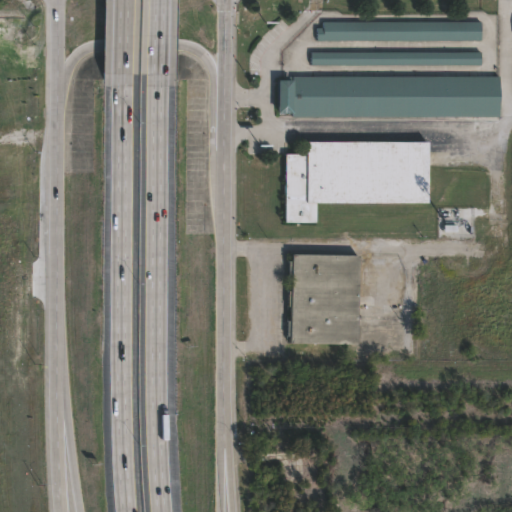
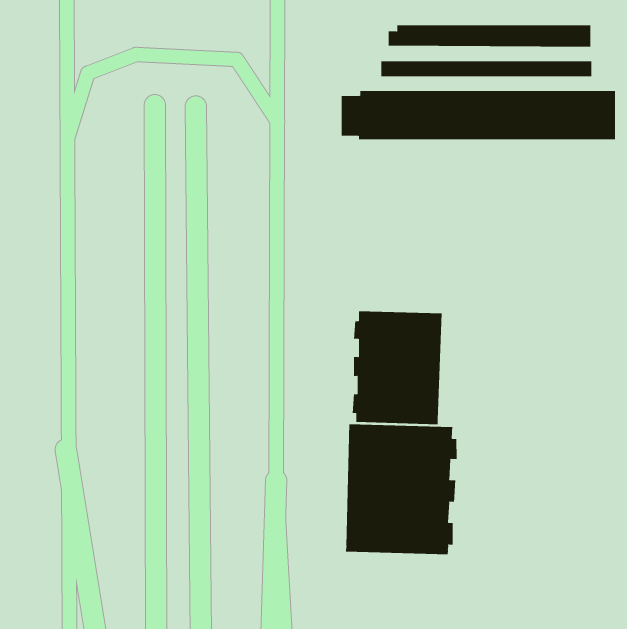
building: [286,141,431,223] -> none
building: none -> [346,423,457,555]

